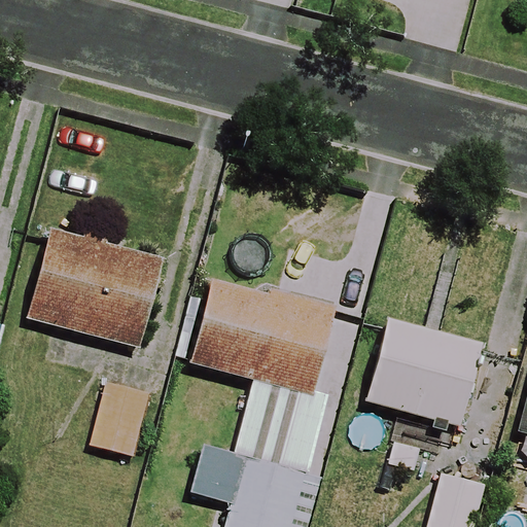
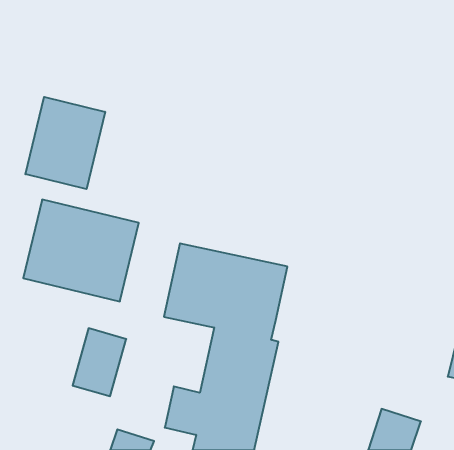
building: none -> [25,97,105,189]
building: [370,322,481,425] -> none

